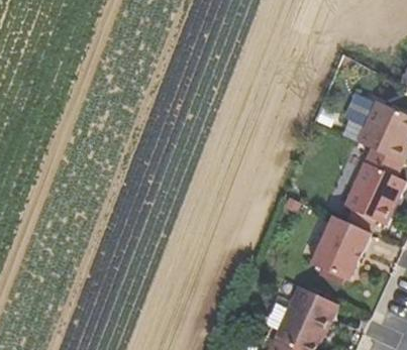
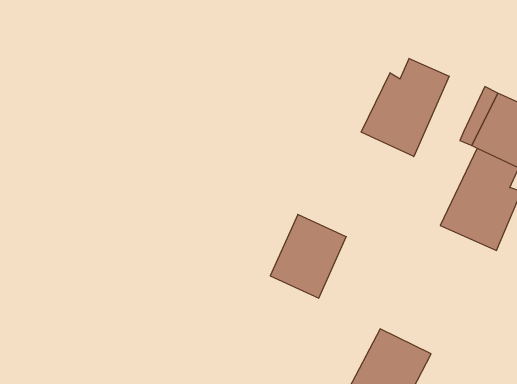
building: none -> [361,58,449,157]
building: [310,218,369,282] -> [270,214,346,298]

